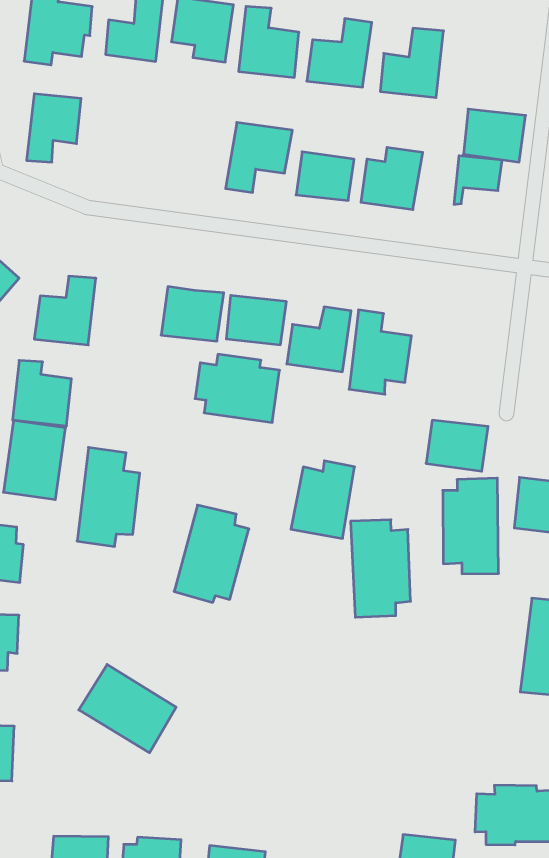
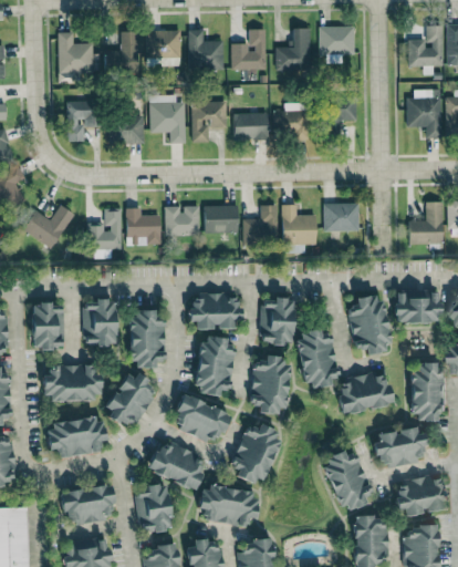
building: none -> [150,94,186,143]
building: [463,109,526,162] -> [319,25,354,54]
building: none -> [114,115,145,143]
building: [195,354,280,422] -> [189,292,238,329]
building: [13,360,71,426] -> [126,207,160,245]
building: [426,420,488,471] -> [324,203,358,230]
building: none -> [106,371,157,430]
building: none -> [250,357,289,414]
building: none -> [174,394,230,445]
building: none -> [336,374,392,413]
building: none -> [230,423,281,486]
building: none -> [374,426,425,467]
building: none -> [322,451,372,513]
building: none -> [137,484,169,532]
building: none -> [199,486,258,525]

